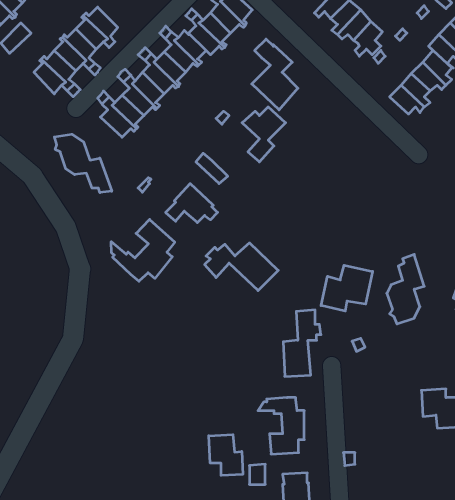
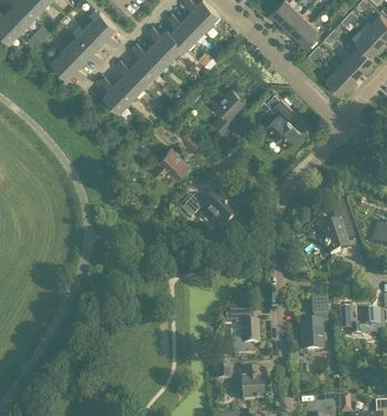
building: [252,39,298,110] -> [264,92,299,147]
building: [54,134,112,193] -> none
building: [111,219,175,281] -> none
building: [321,265,373,311] -> none
building: [283,310,321,376] -> [301,298,330,349]
building: [209,435,243,475] -> none

